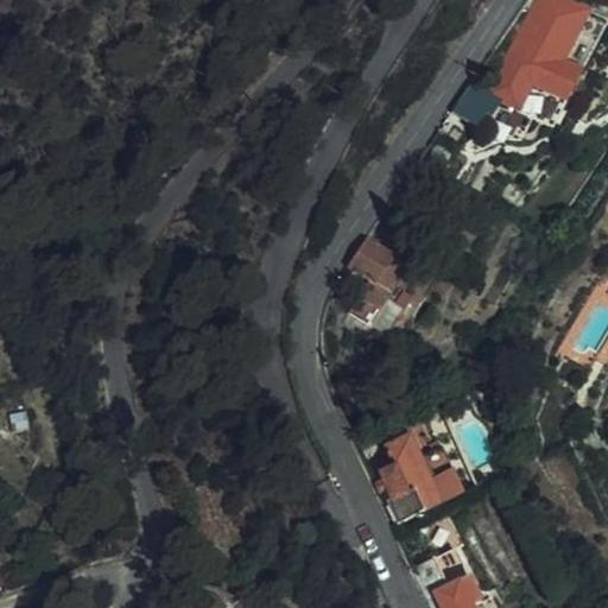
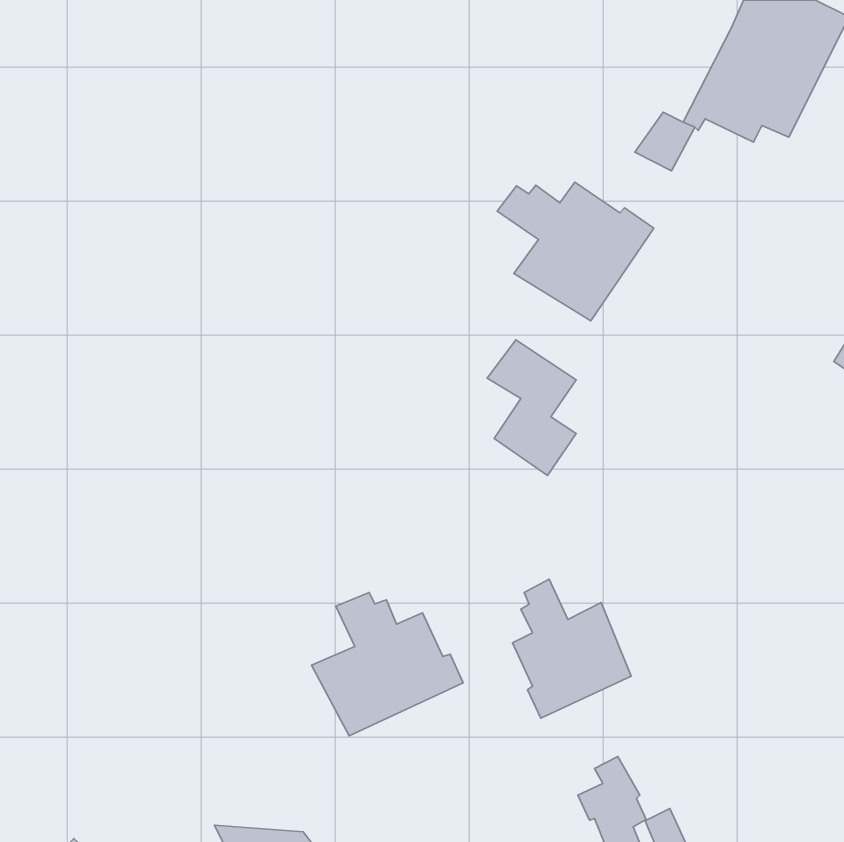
building: none -> [497,182,654,321]
building: none -> [311,593,463,736]

